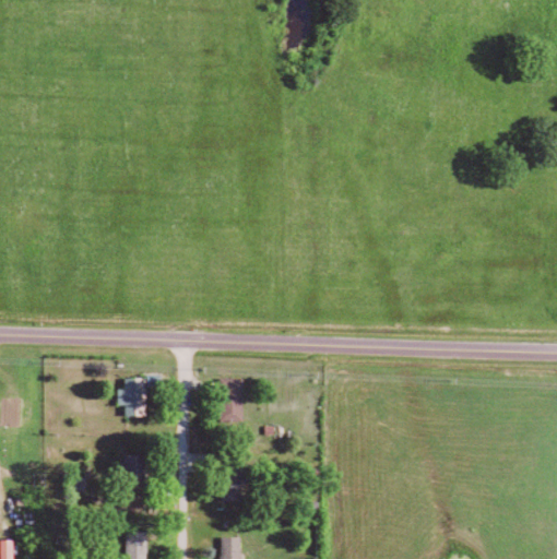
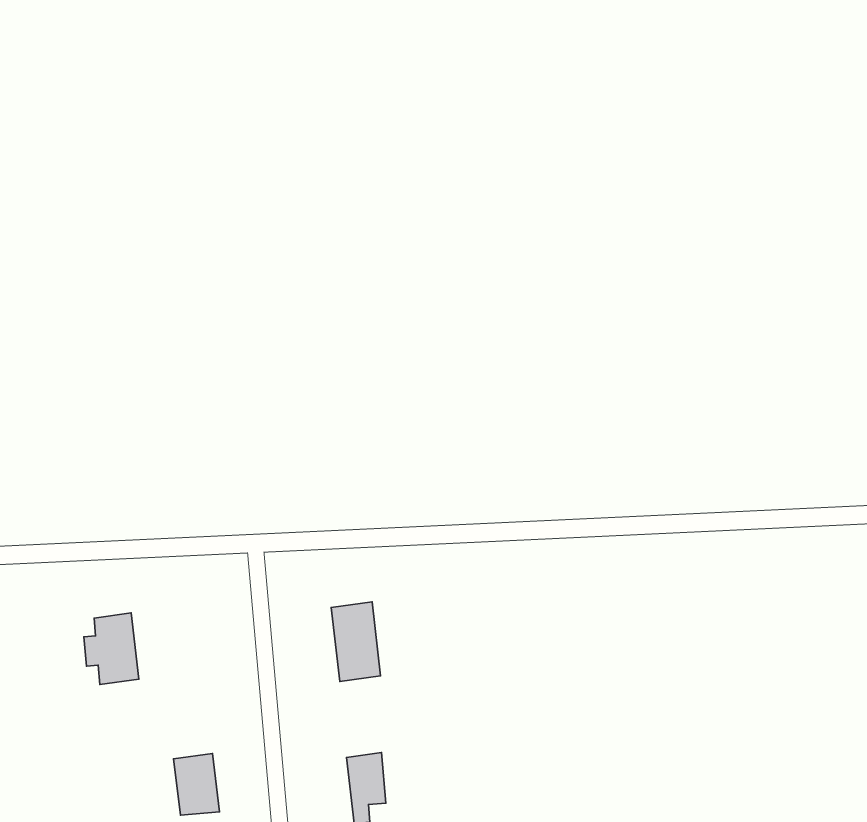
building: [119,380,147,418] -> [84,613,139,685]

